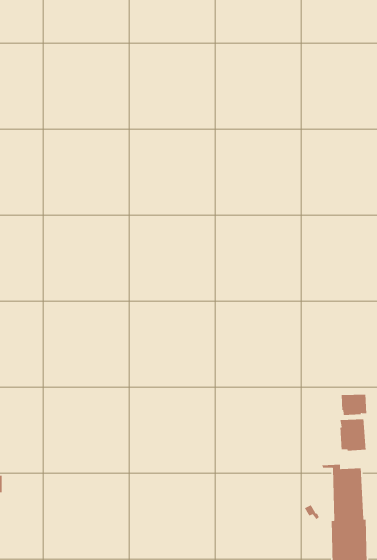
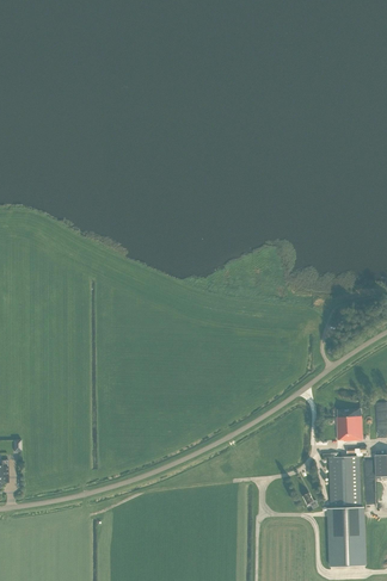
building: [341,394,367,416] -> none

